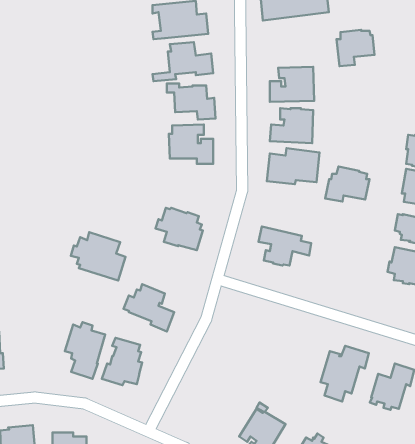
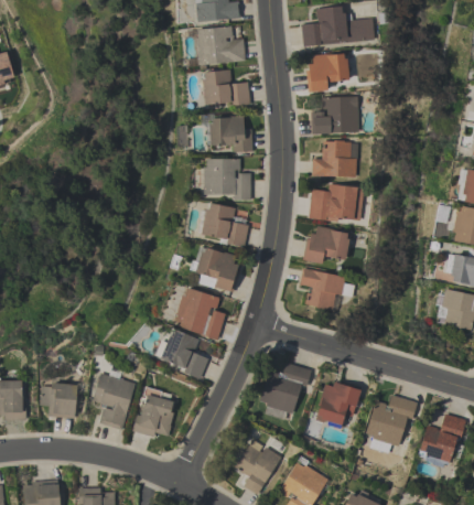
building: [336,30,375,66] -> [309,53,349,92]
building: [325,167,369,202] -> [303,225,351,262]
building: none -> [198,203,249,247]
building: [71,232,125,280] -> [168,287,226,339]
building: none -> [260,362,312,420]
building: none -> [316,380,362,428]
building: none -> [41,382,78,418]
building: none -> [234,438,282,494]

